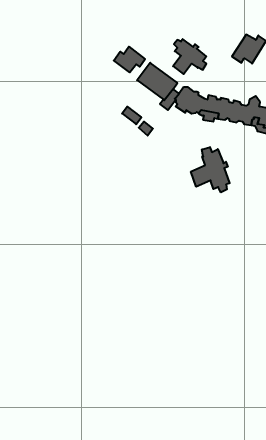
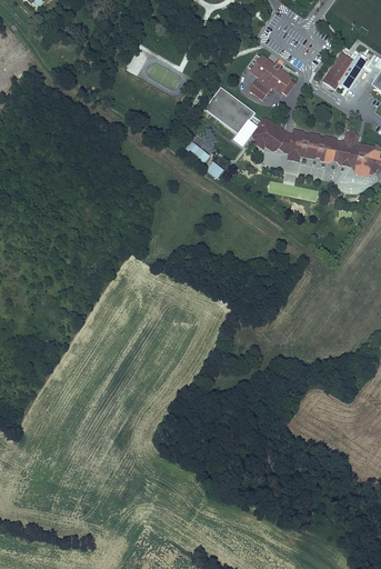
building: [114,47,145,72] -> none
building: [191,147,230,192] -> none

